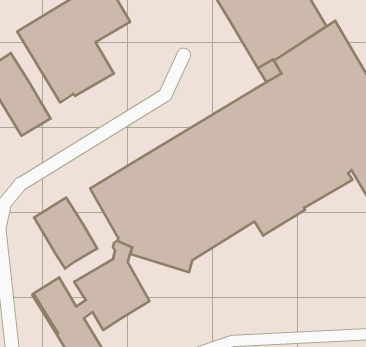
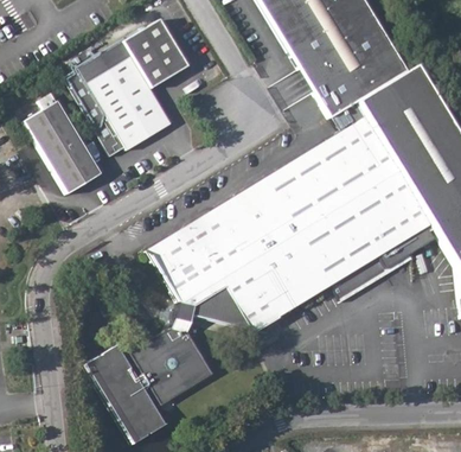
building: [34,198,97,269] -> none

